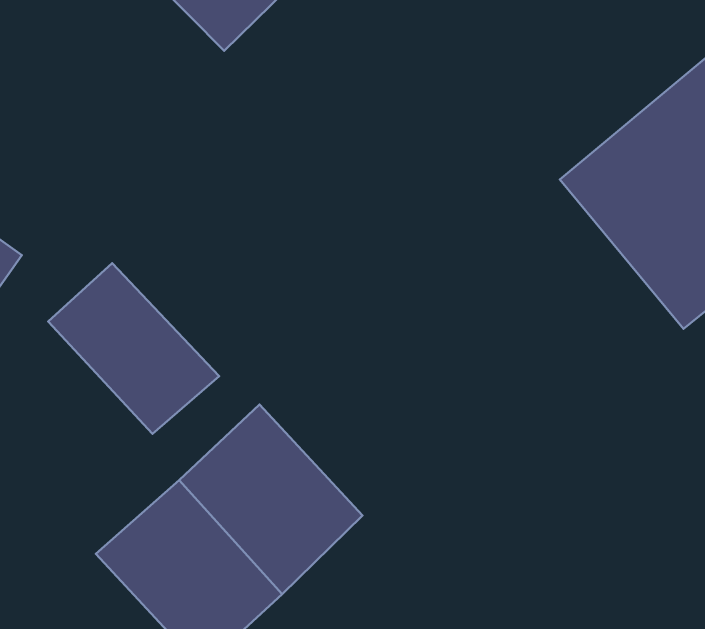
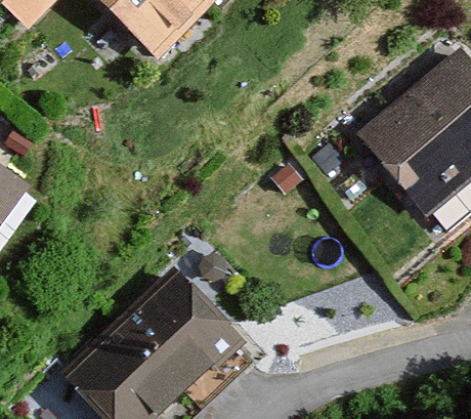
building: [48,263,219,434] -> none

